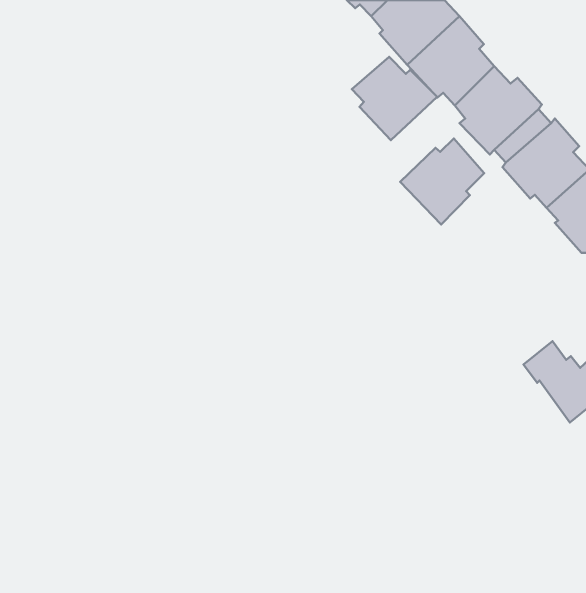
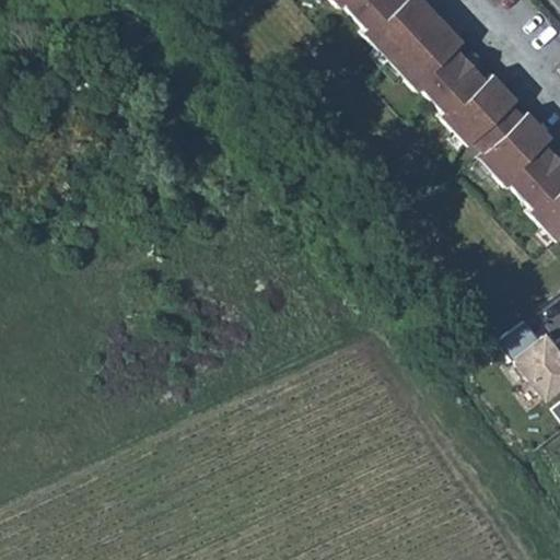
building: [352,57,437,140] -> none
building: [400,138,484,224] -> none

